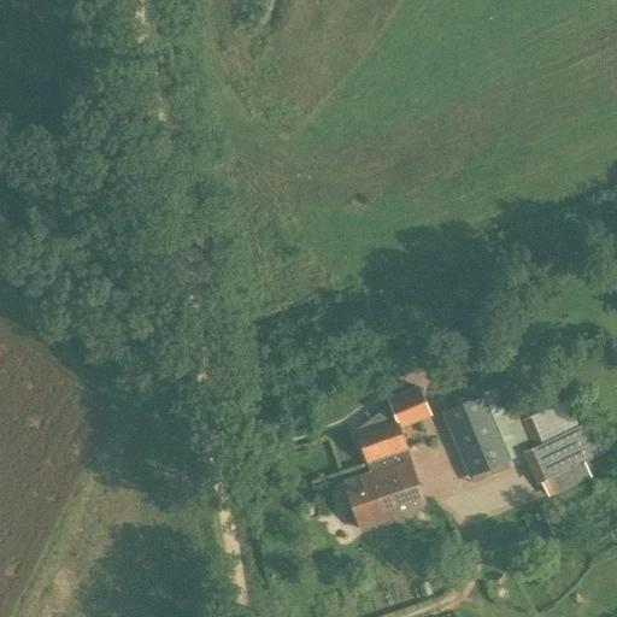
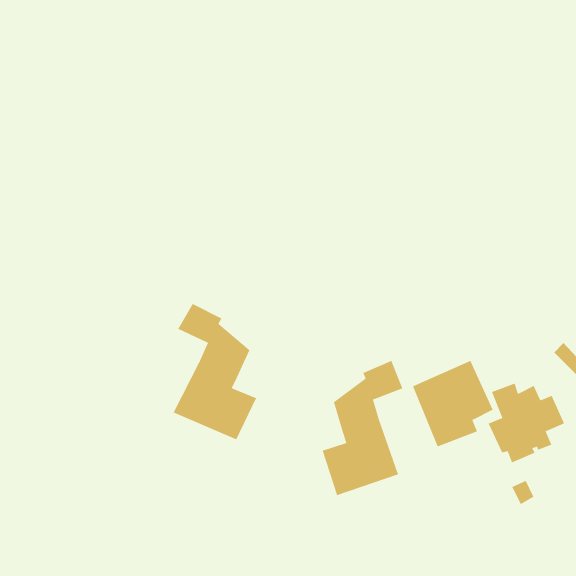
building: none -> [173,303,257,440]

